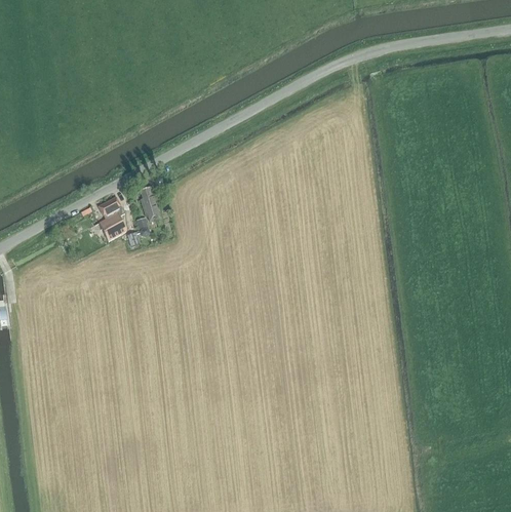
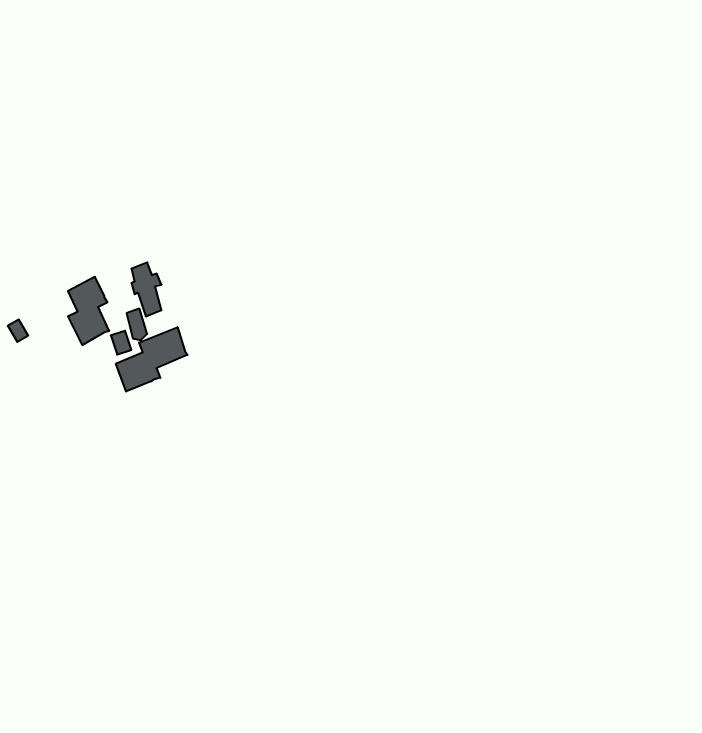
building: none -> [116,327,188,392]

